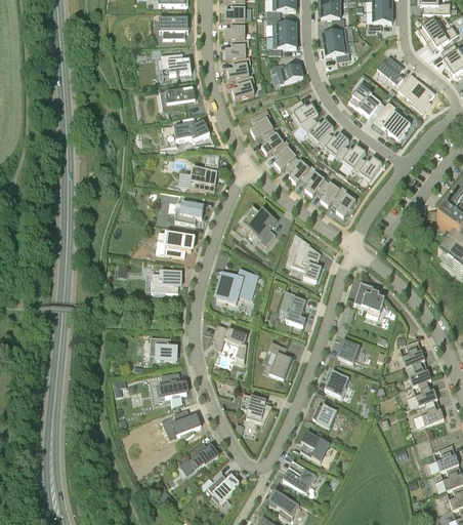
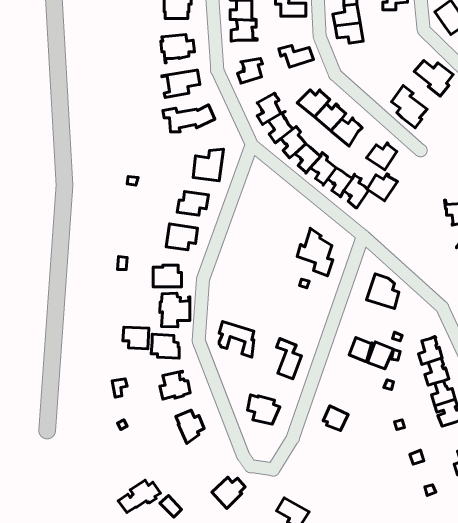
building: [268,35,297,54] -> none
building: [376,56,403,85] -> none
building: [227,57,253,79] -> none
building: [348,83,381,117] -> none
building: [337,144,366,169] -> [367,174,398,201]
building: [241,205,276,245] -> none
building: [216,269,257,302] -> none
building: [280,291,305,325] -> none
building: none -> [160,293,190,327]
building: none -> [123,327,149,349]
building: [325,370,349,396] -> [367,342,393,369]
building: [300,431,330,461] -> none
building: [178,442,218,473] -> [118,480,160,513]
building: [283,460,309,488] -> none

